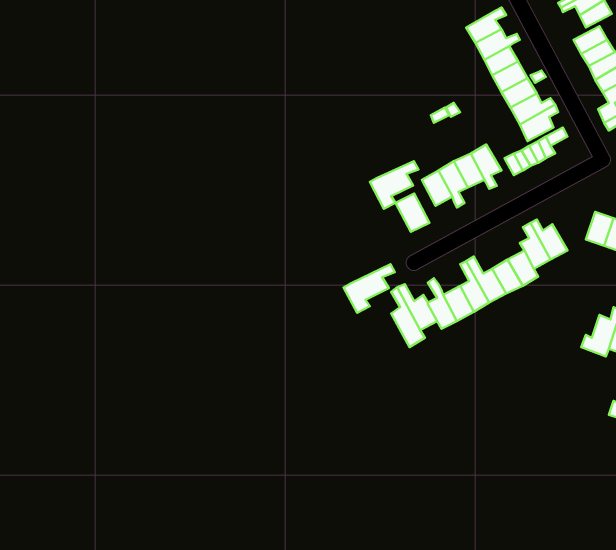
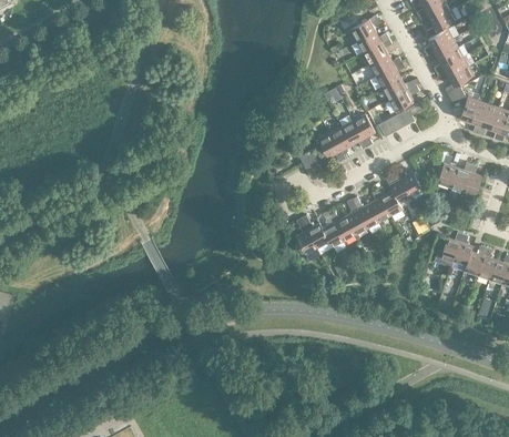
building: [370,161,418,209] -> none
building: [344,264,395,313] -> none

